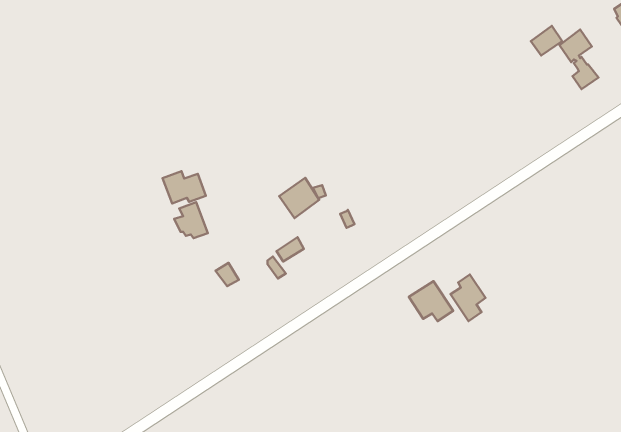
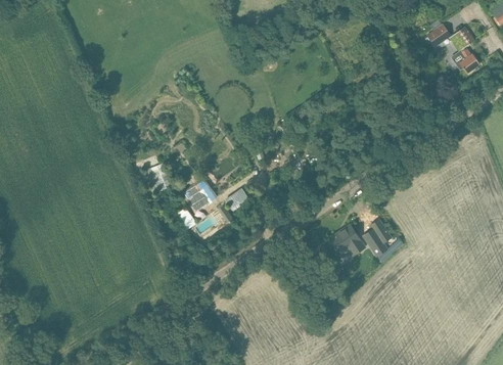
building: [163,171,206,204] -> none
building: [279,178,319,218] -> [185,178,217,210]

